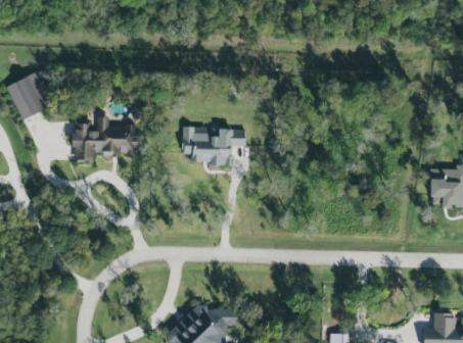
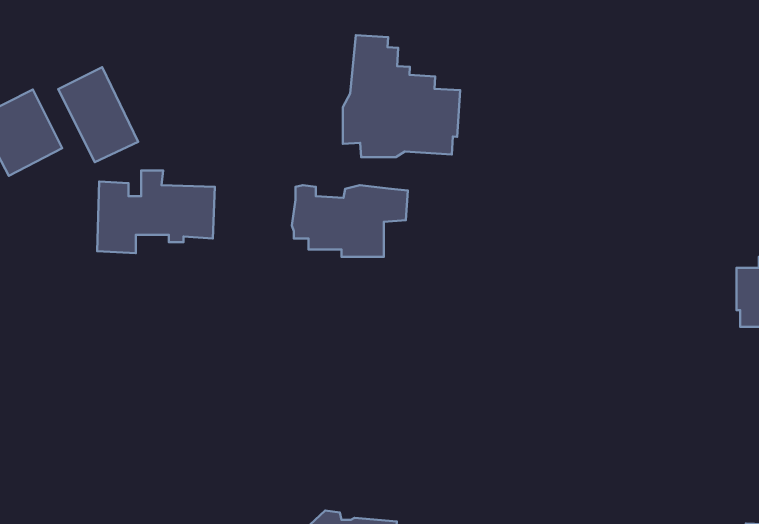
building: none -> [343,35,460,157]
building: none -> [58,67,138,162]

